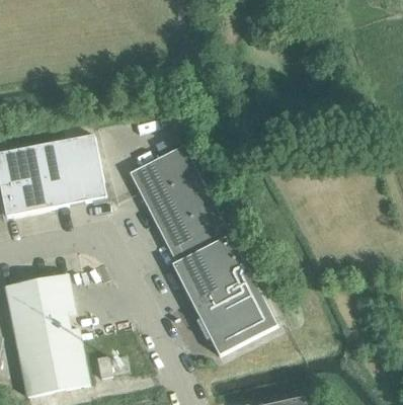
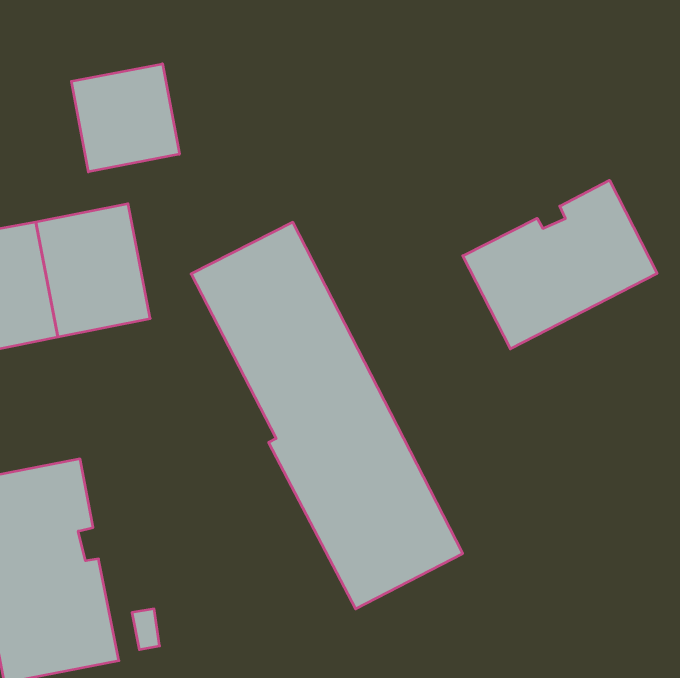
building: none -> [71,64,179,172]
building: none -> [463,180,657,349]

